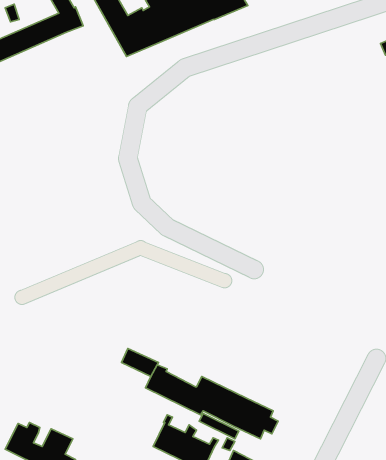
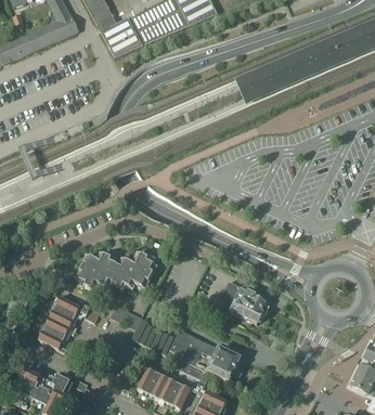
building: none -> [76,251,156,289]
building: none -> [222,280,269,322]
building: none -> [38,295,100,350]

